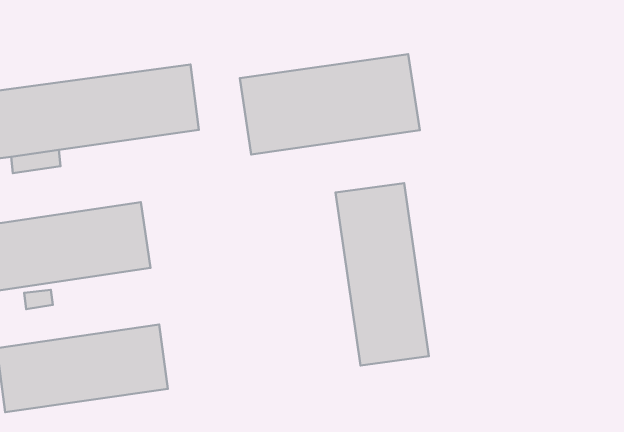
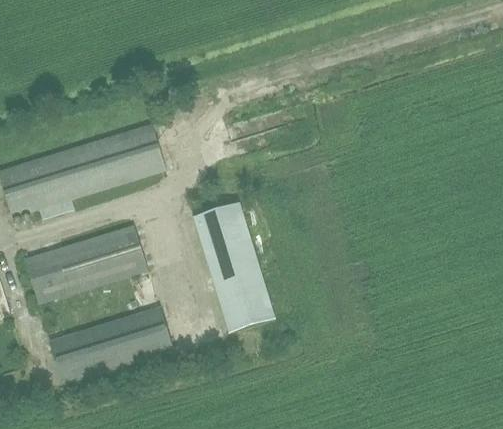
building: [240,54,420,154] -> none
building: [336,183,429,366] -> [193,203,275,333]

